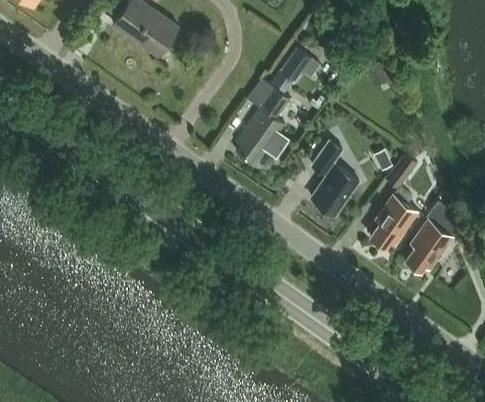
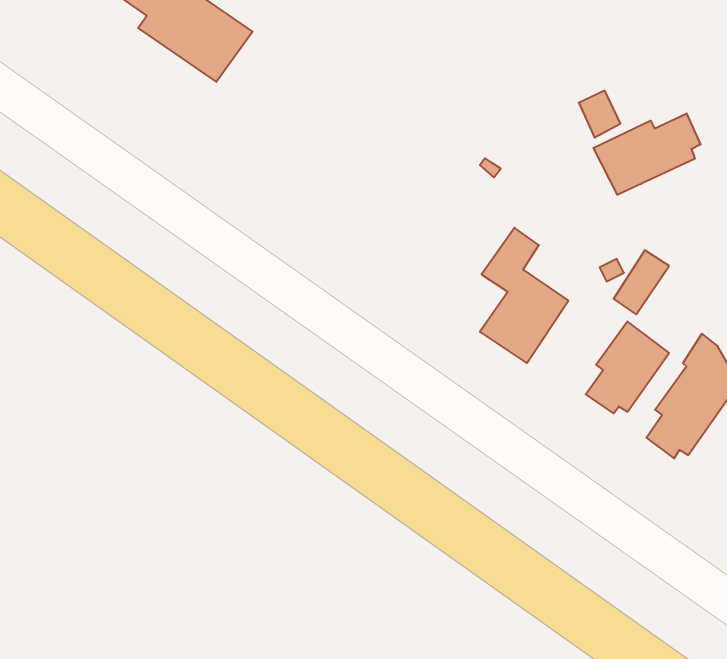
building: [281,47,312,80] -> none
building: none -> [593,113,701,195]
building: [235,77,290,162] -> none

